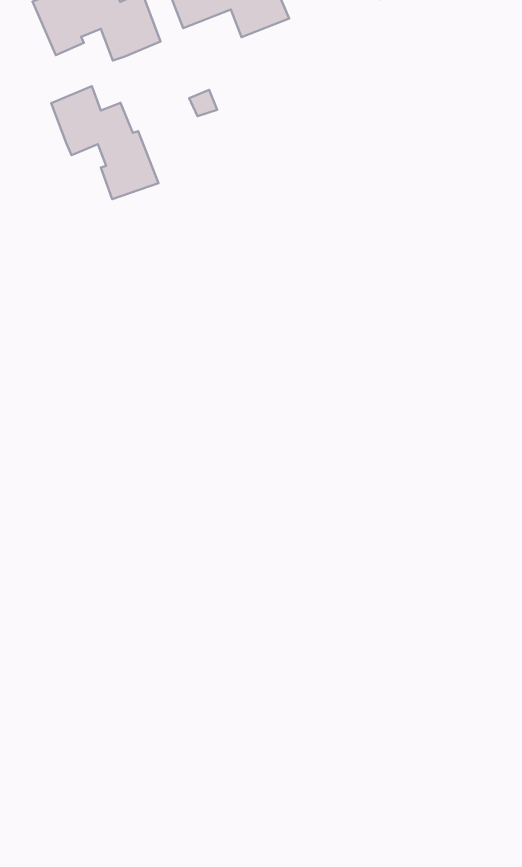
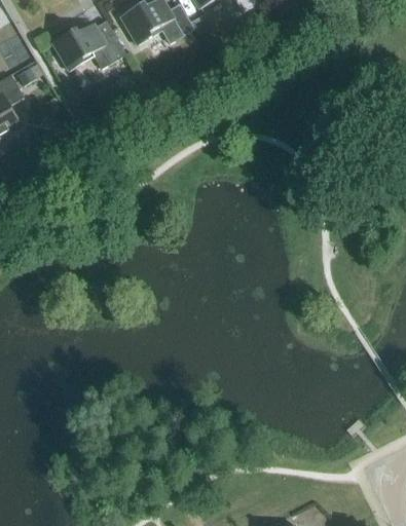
building: [51,86,159,199] -> none

